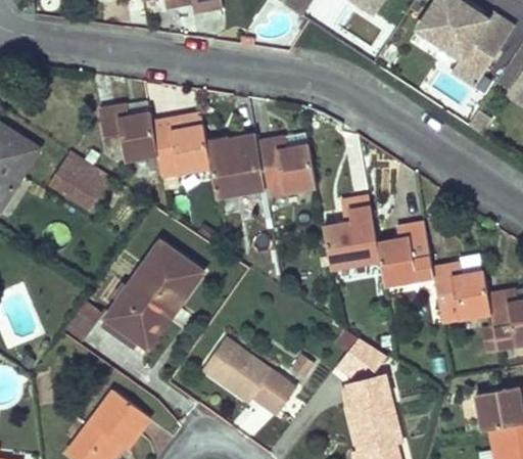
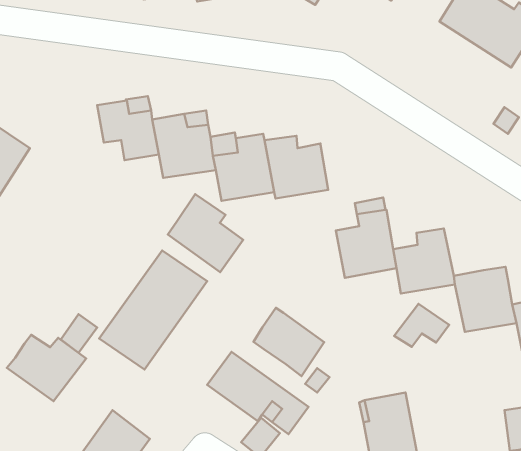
building: [49,150,112,210] -> none
building: none -> [168,194,243,272]
building: none -> [253,308,324,376]
building: none -> [7,335,86,401]
building: [335,337,386,377] -> [394,304,449,347]

